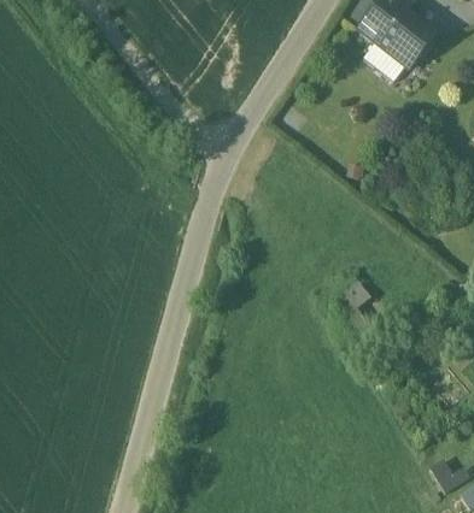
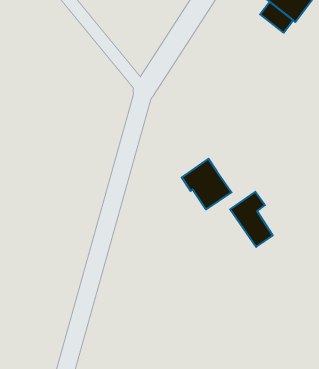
building: none -> [182,159,232,209]

